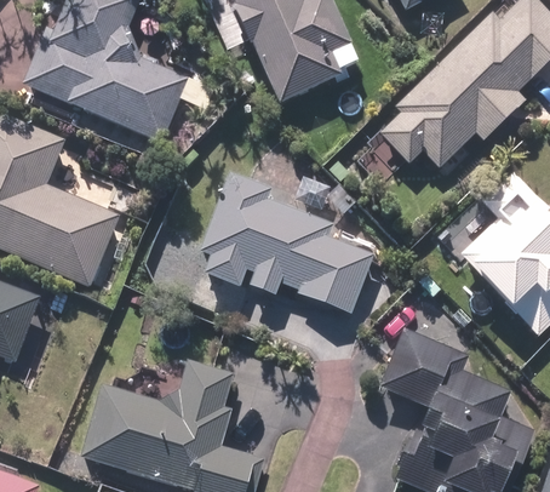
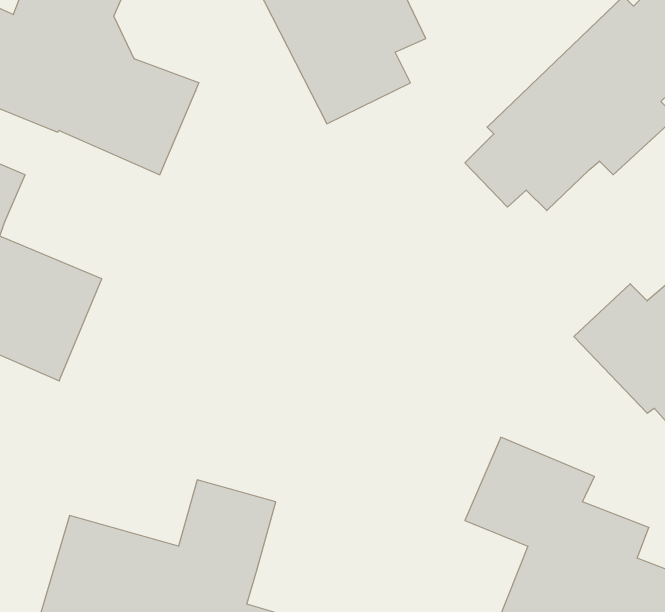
building: [196,193,374,314] -> none

